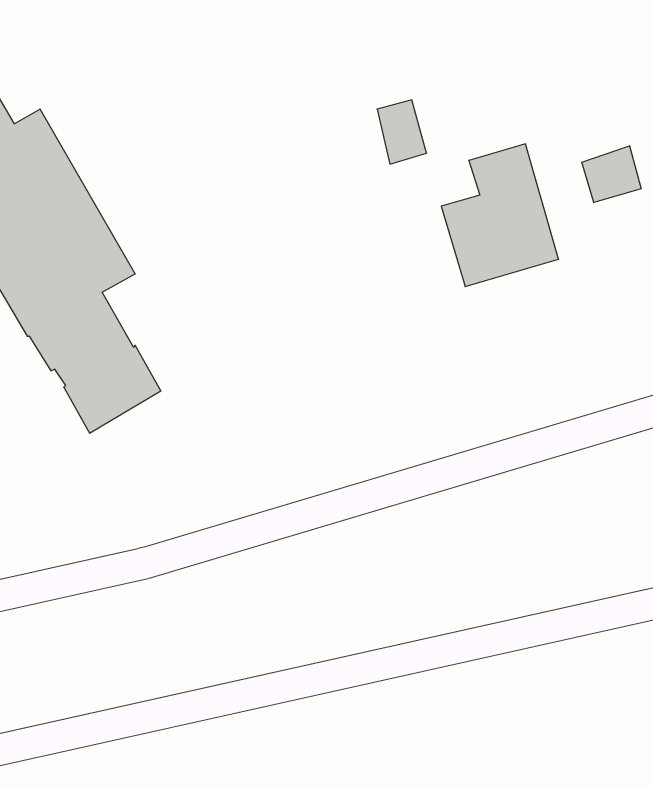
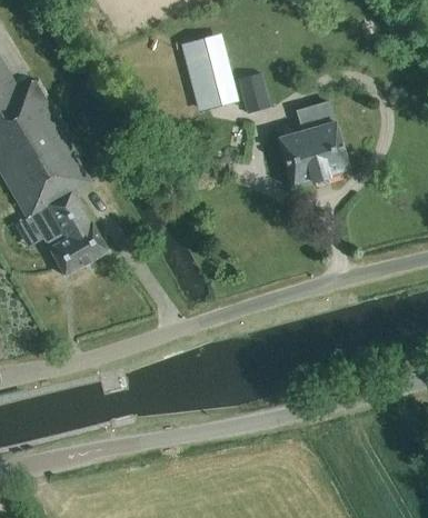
building: none -> [180,34,231,111]
building: [582,146,641,203] -> none

